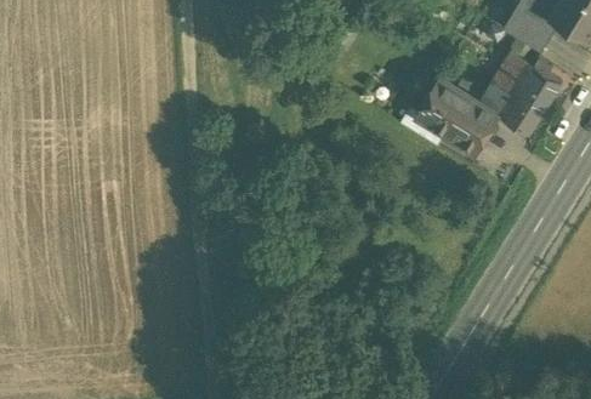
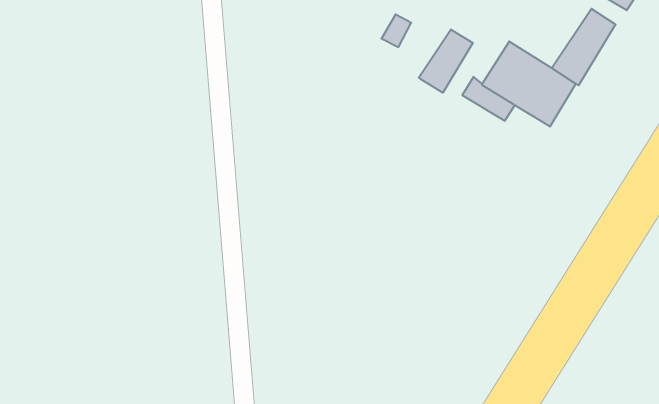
building: [501,62,563,132] -> none
building: none -> [419,29,473,93]

